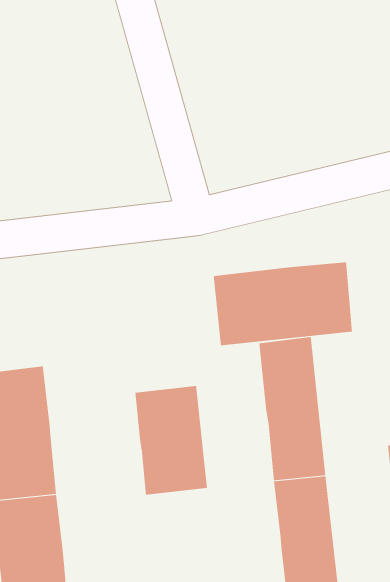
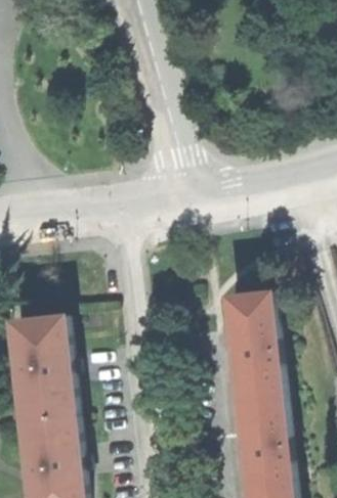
building: [213,261,353,346] -> none
building: [135,385,207,496] -> none

